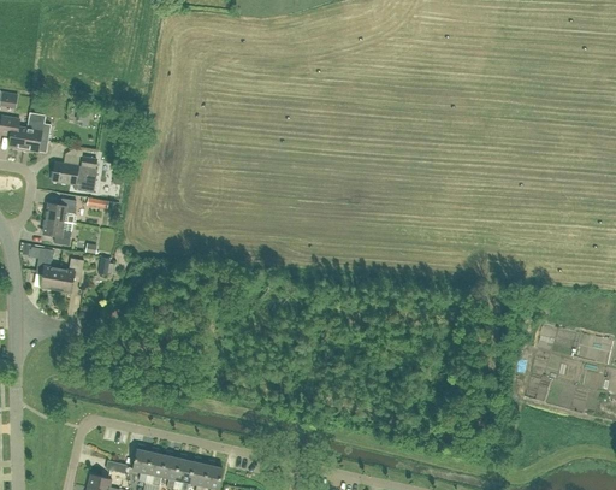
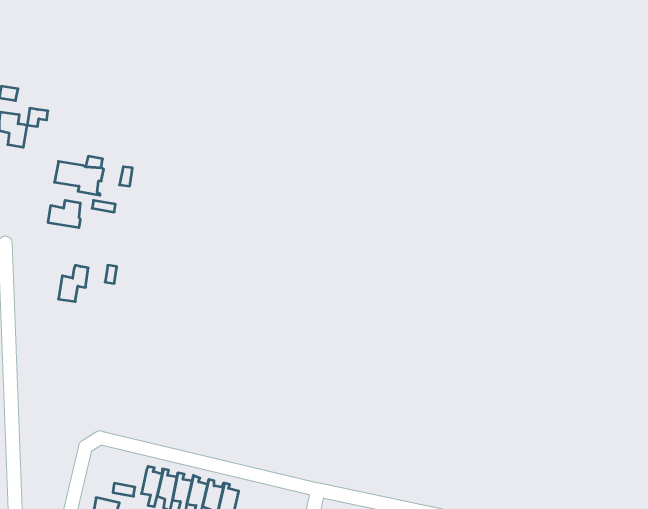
building: [23,123,51,152] -> none
building: [43,219,75,246] -> none
building: [36,249,59,290] -> none

